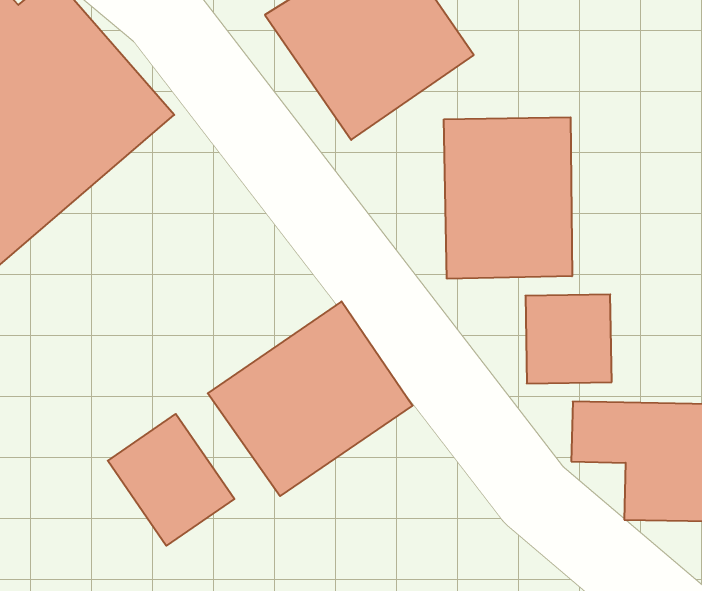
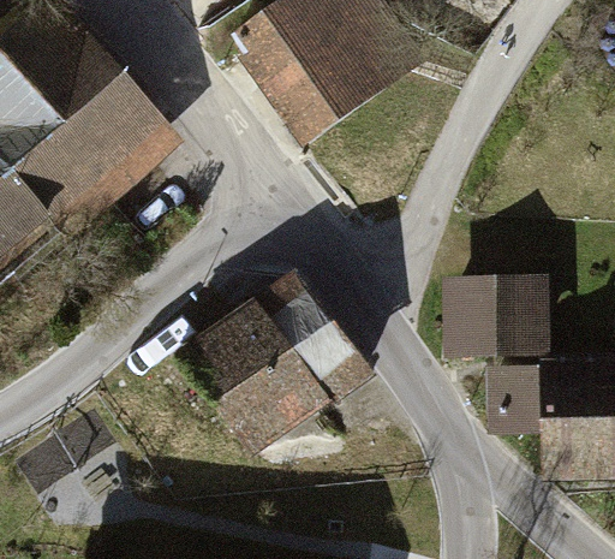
building: [444,117,572,279] -> none
building: [108,414,234,546] -> none

